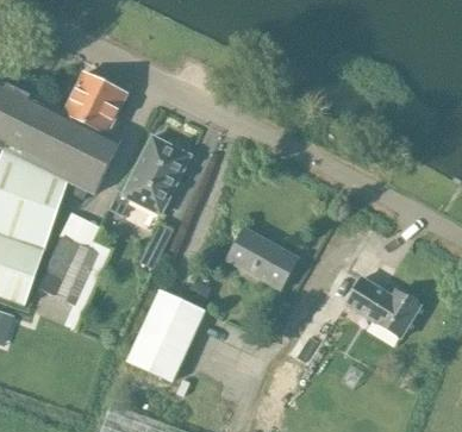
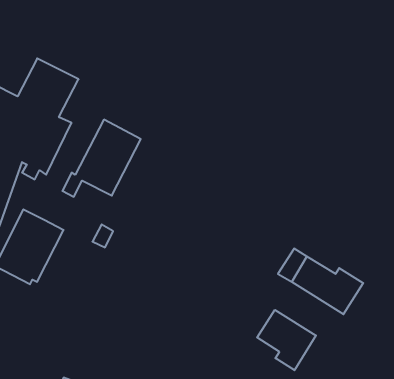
building: [227,228,298,289] -> none
building: [129,292,205,381] -> none
building: none -> [257,310,316,370]

